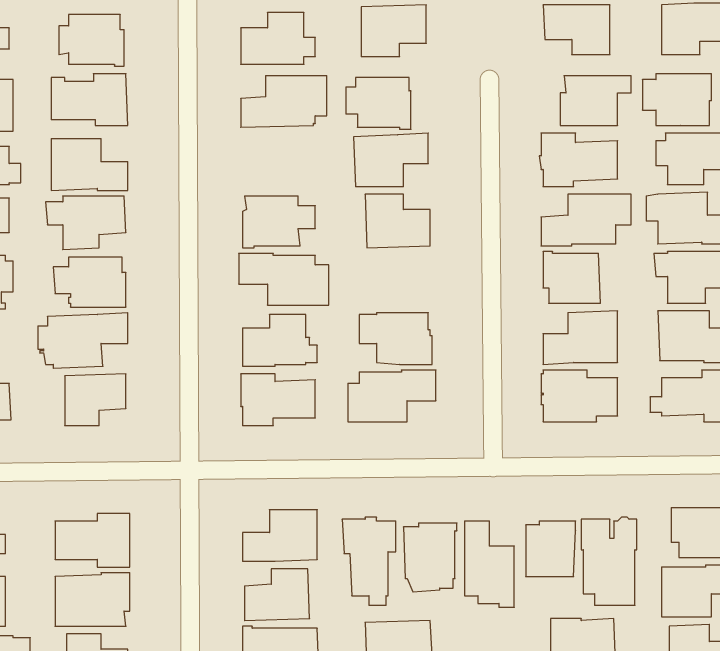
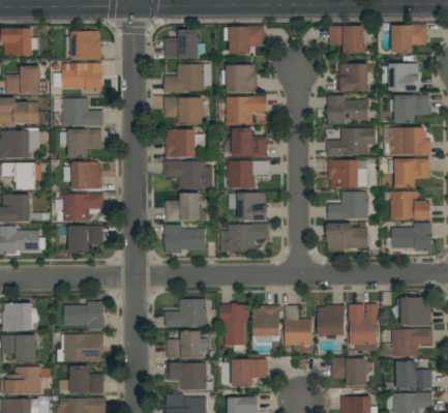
building: none -> [162,97,202,125]
building: none -> [227,160,267,188]

